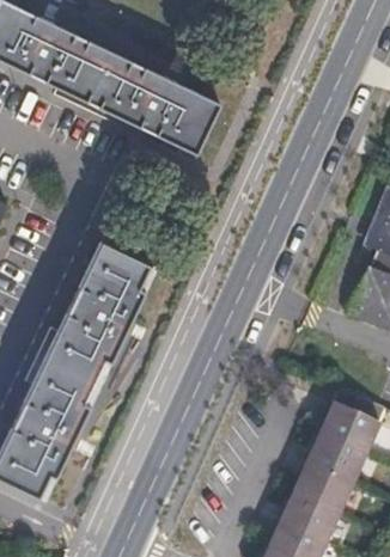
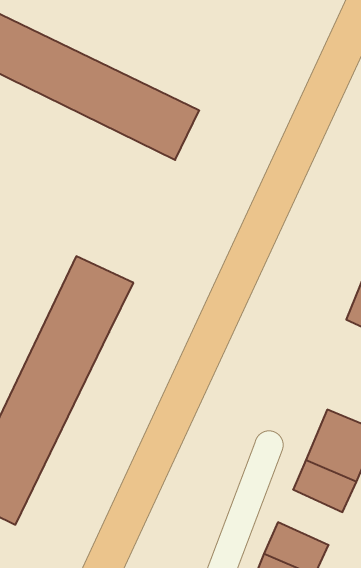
building: [290,464,351,516] -> none

